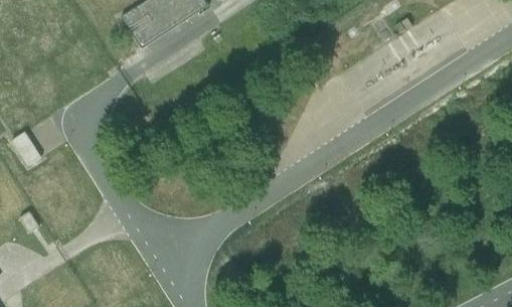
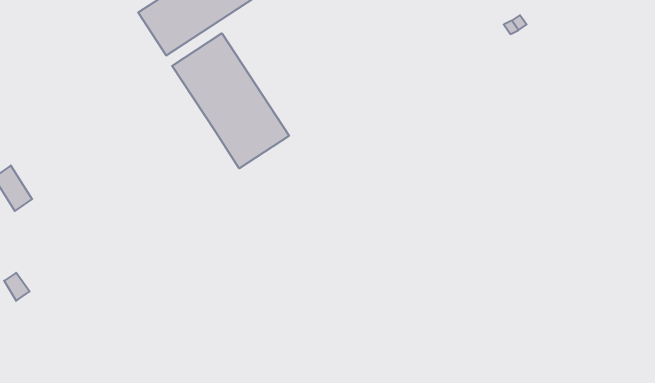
building: none -> [172,33,289,168]

